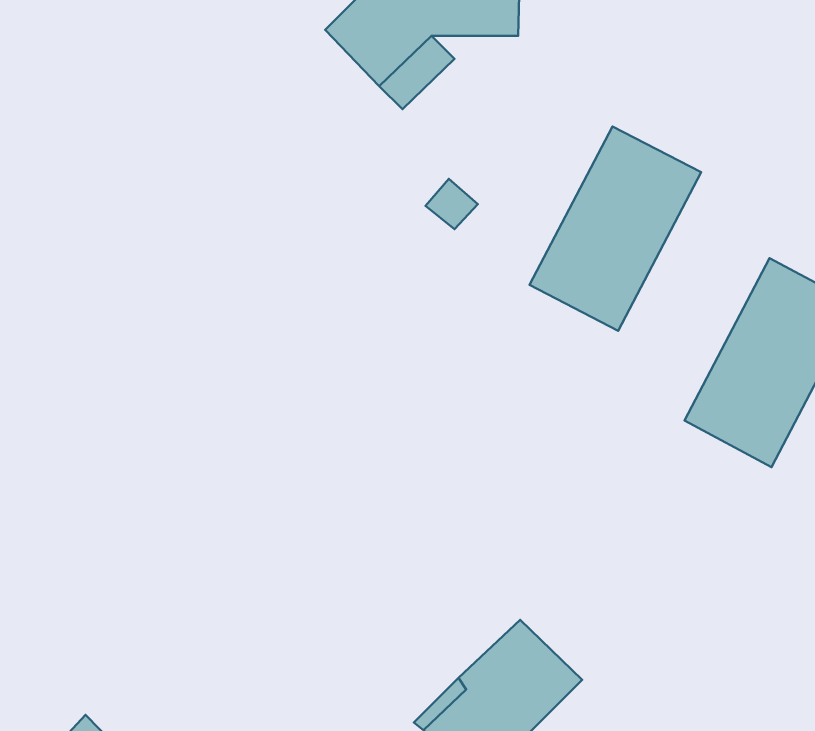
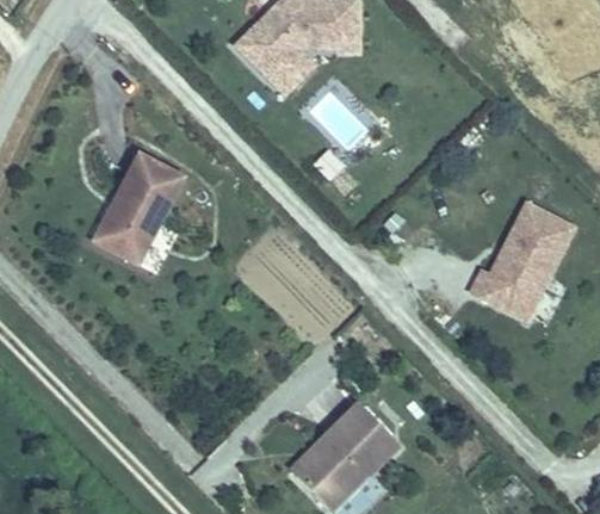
building: [529,126,701,331] -> none
building: none -> [95,156,180,265]

